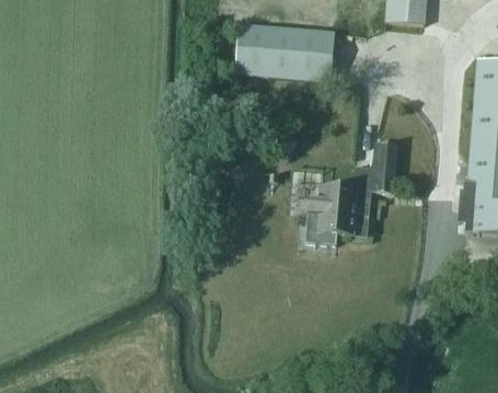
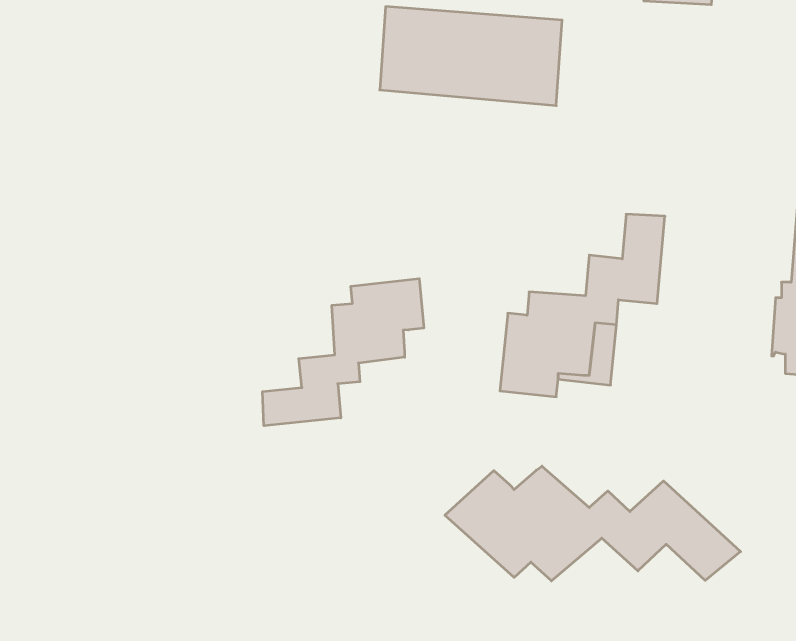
building: none -> [263,279,424,426]
building: none -> [445,466,741,581]

